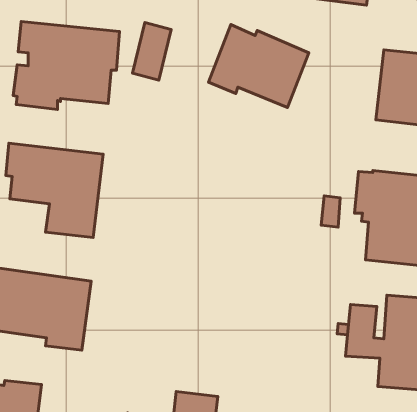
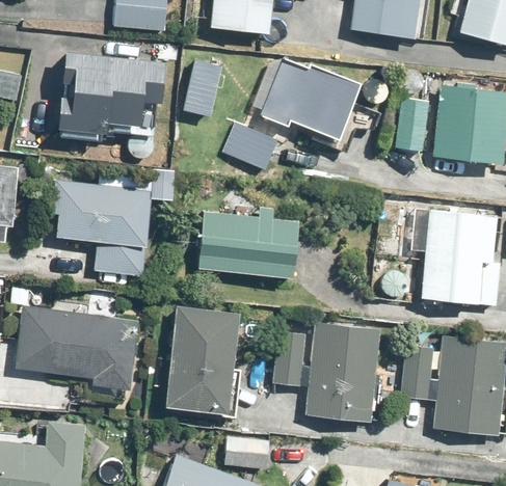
building: none -> [393,96,428,152]
building: none -> [227,118,277,168]
building: none -> [199,211,301,282]
building: none -> [164,309,241,419]
building: none -> [271,322,378,422]

